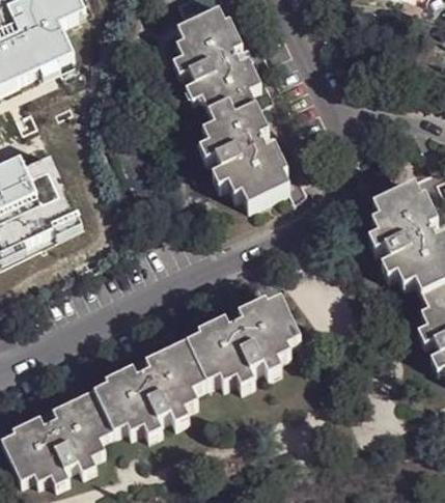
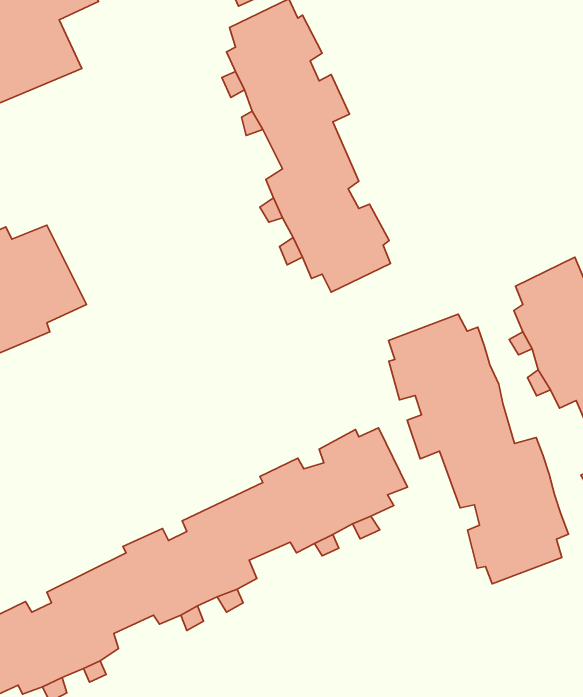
building: none -> [388,314,568,584]

